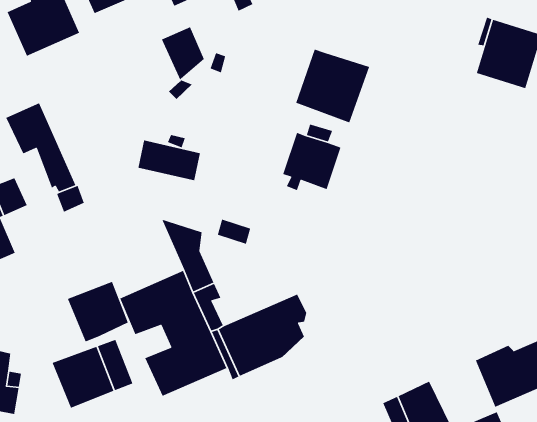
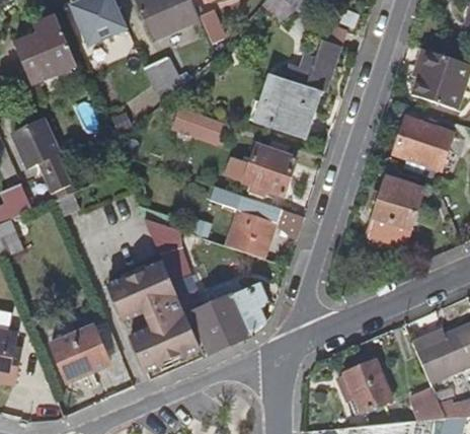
building: none -> [285,42,340,92]
building: none -> [392,119,451,168]
building: [138,140,201,181] -> [170,106,224,142]
building: none -> [365,172,422,246]
building: none -> [230,199,280,258]
building: [67,281,129,343] -> none

